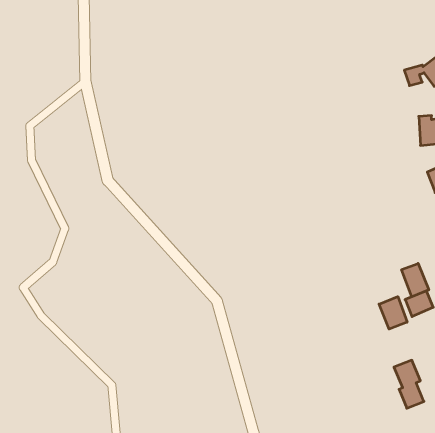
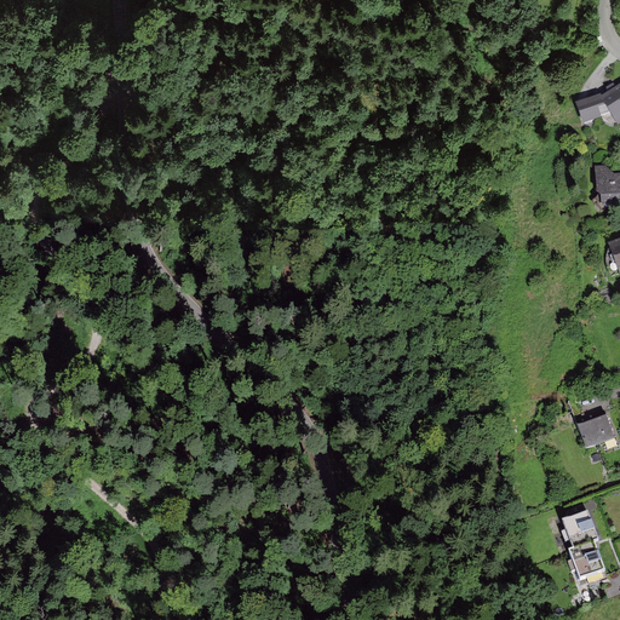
building: [402,263,429,297] -> none
building: [379,297,407,329] -> none

